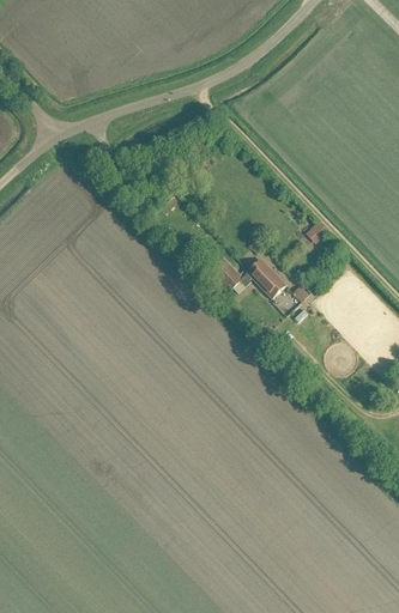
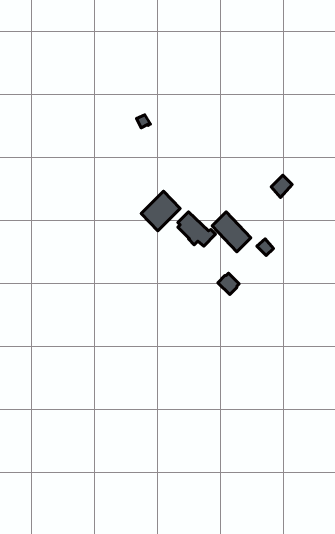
building: none -> [141,191,180,231]

